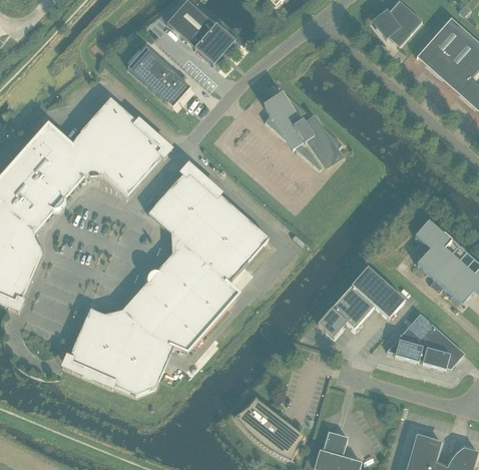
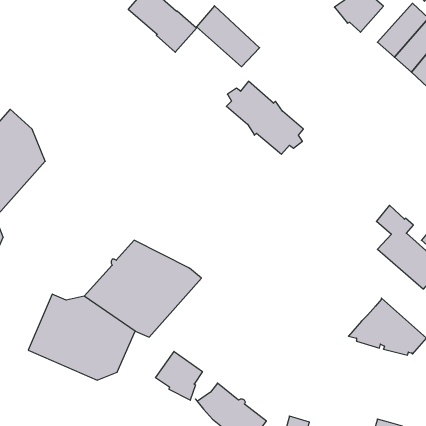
building: [127,45,190,106] -> [196,6,260,67]
building: [70,97,167,193] -> none
building: [148,167,268,282] -> none
building: [318,266,405,337] -> none
building: none -> [156,351,202,400]

